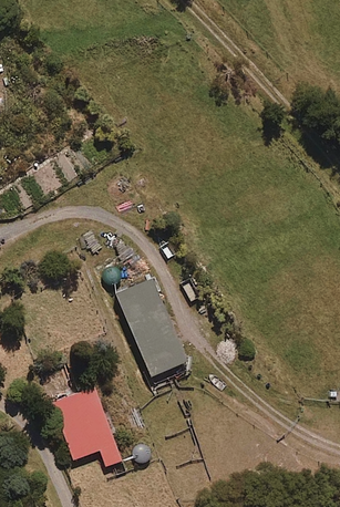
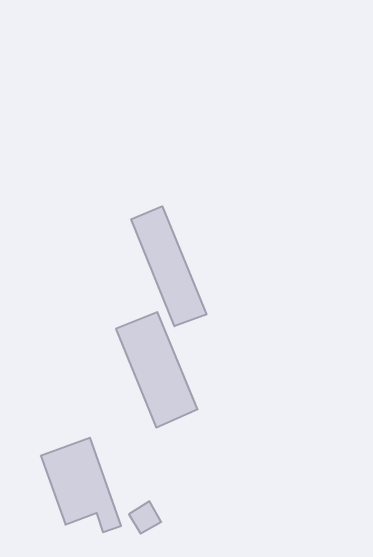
building: none -> [131,206,206,326]

